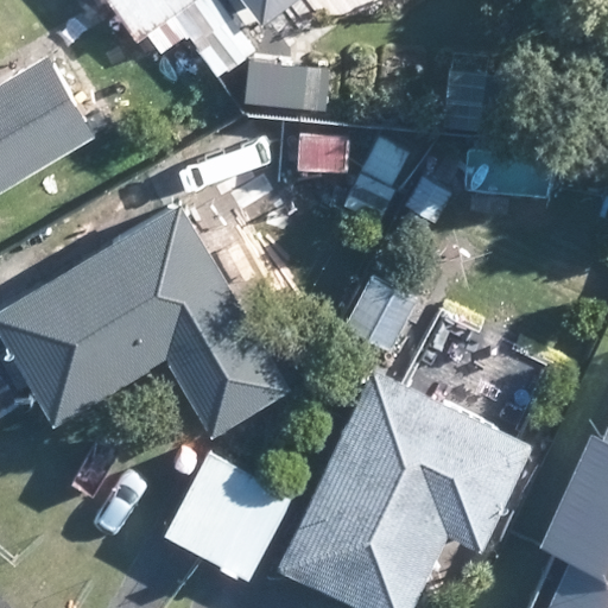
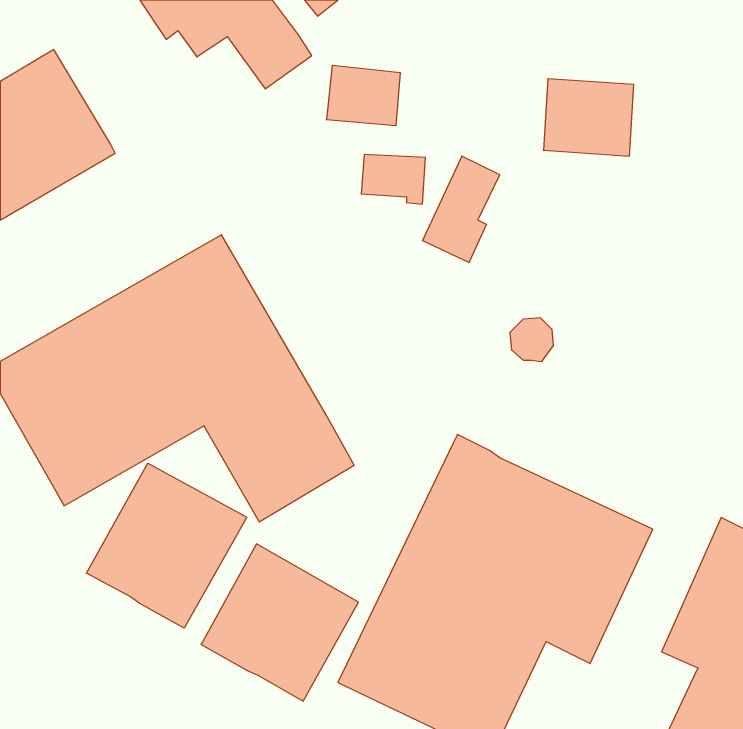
building: none -> [86,463,247,628]

